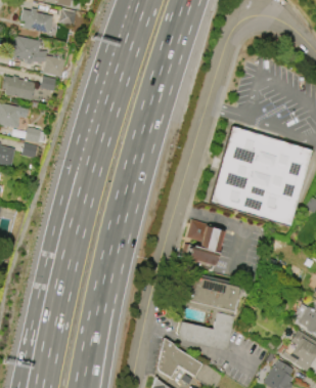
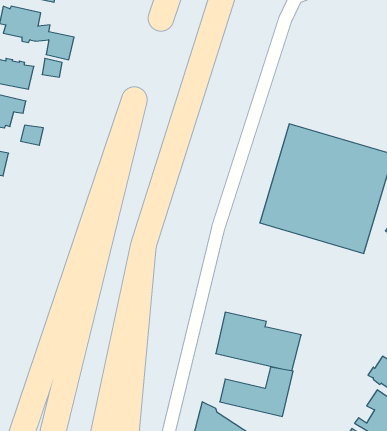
building: [180,219,224,266] -> none

